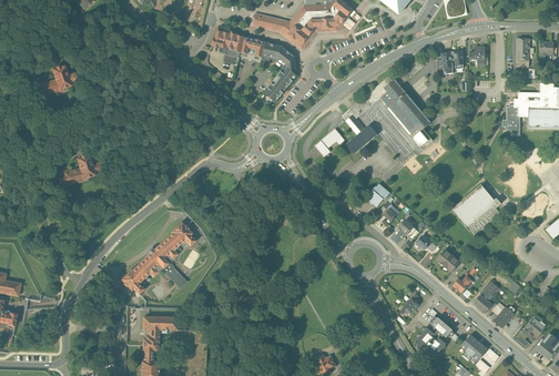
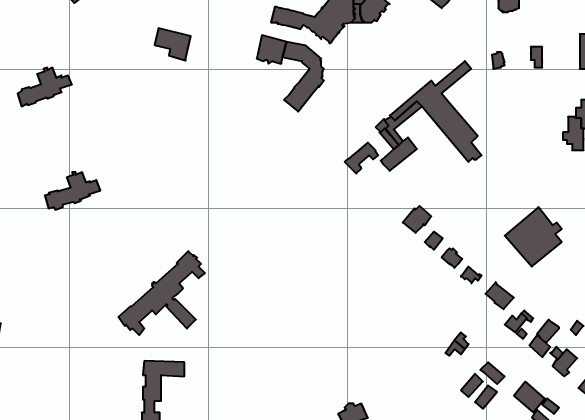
building: [213,30,244,58] -> [155,28,191,61]

